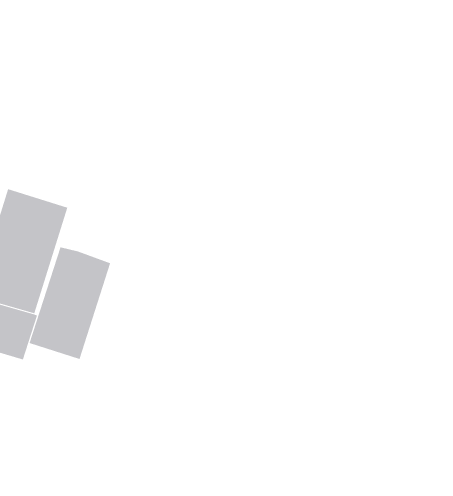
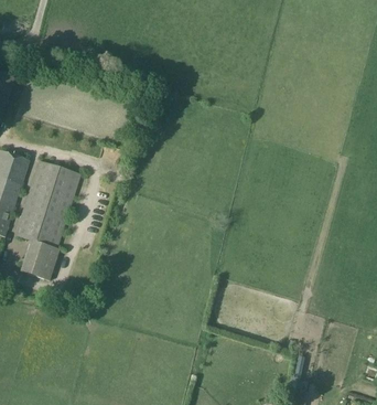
building: [29,247,111,360] -> none

